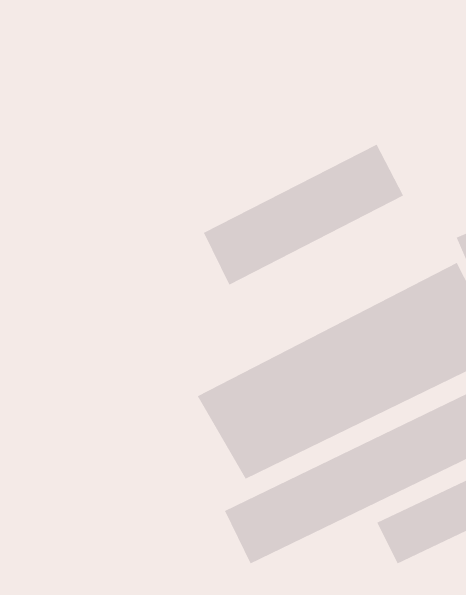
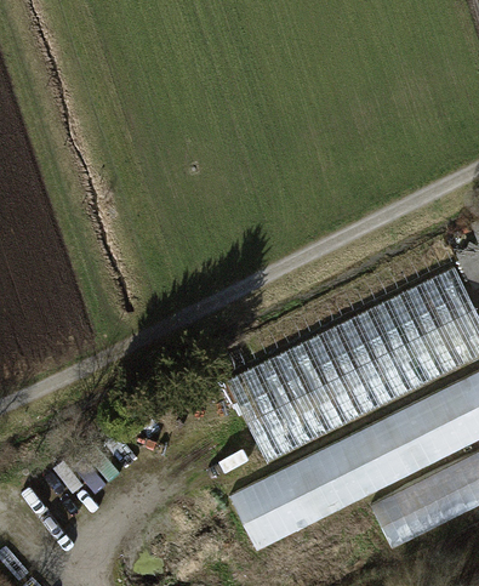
building: [203,144,404,286] -> none

